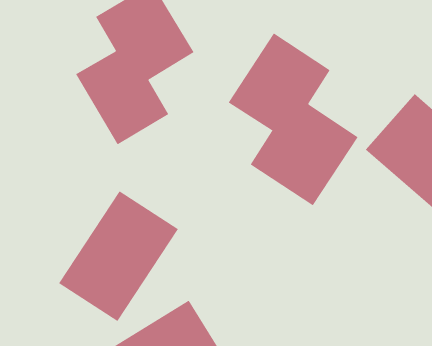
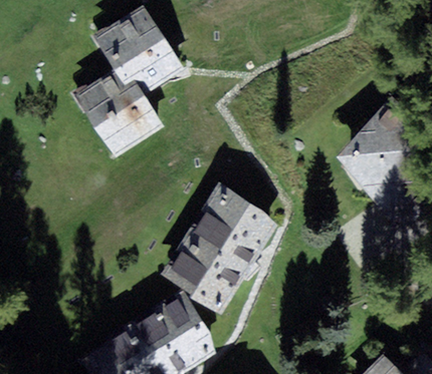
building: [228,33,359,206] -> none
building: [58,190,179,322] -> [165,186,274,306]

